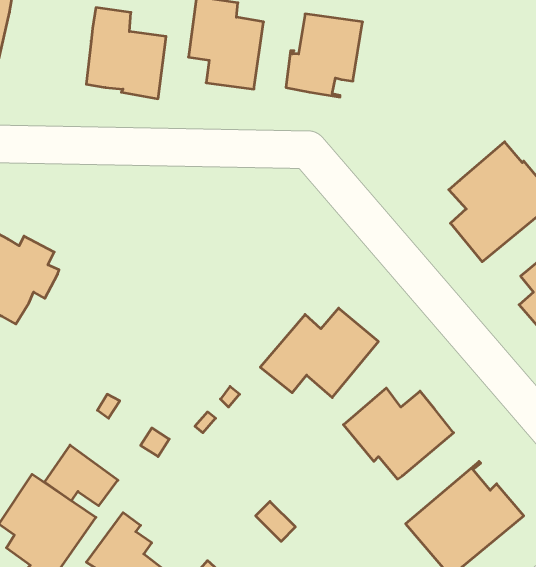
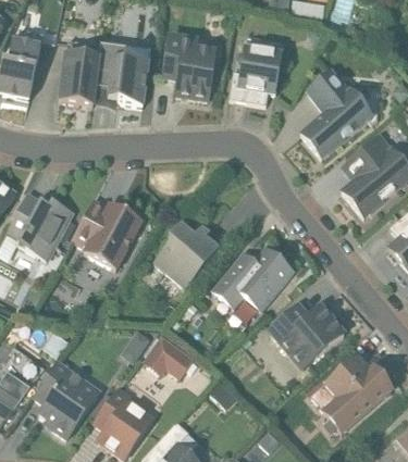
building: none -> [60,52,98,104]
building: none -> [300,70,371,155]
building: none -> [72,198,141,267]
building: none -> [153,221,219,286]
building: [44,445,118,506] -> [144,335,194,376]

